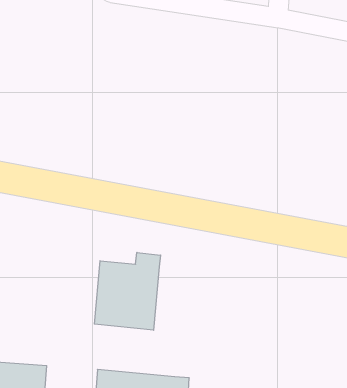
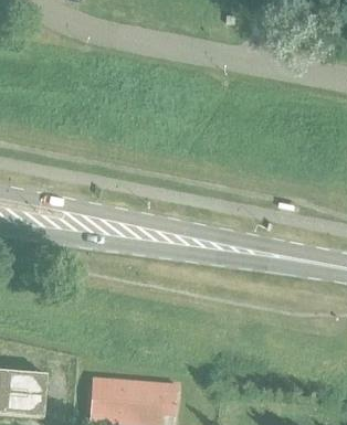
building: [94,252,161,330] -> none

